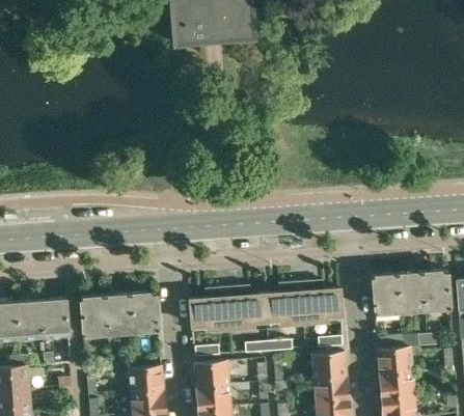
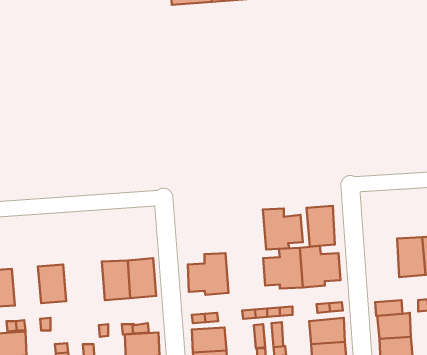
building: [372,274,400,314] -> [307,206,335,247]
building: [227,287,267,328] -> [263,209,303,249]
building: [80,297,108,336] -> none
building: [16,302,45,340] -> none

